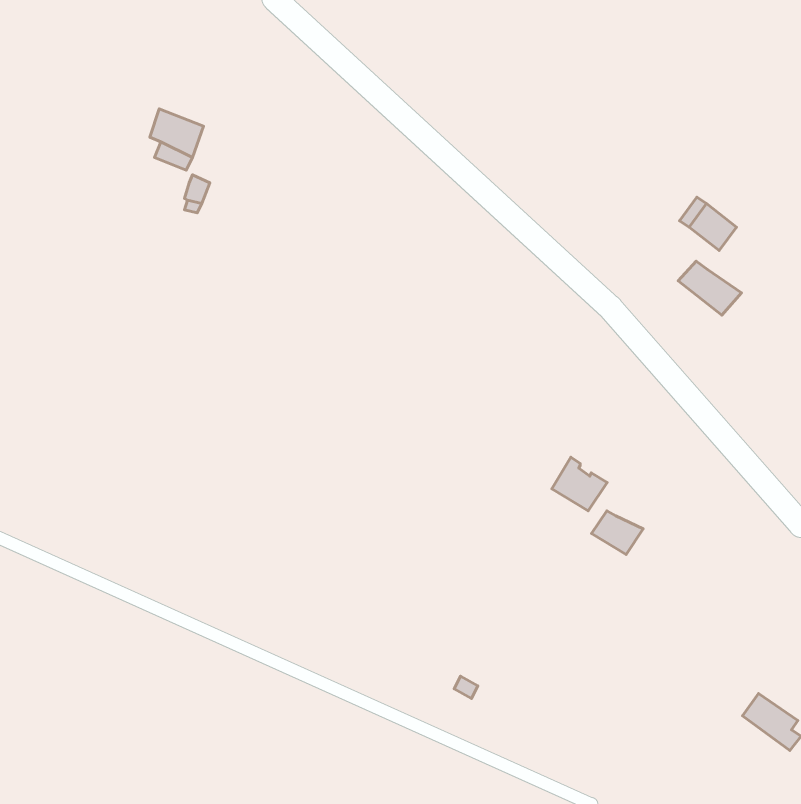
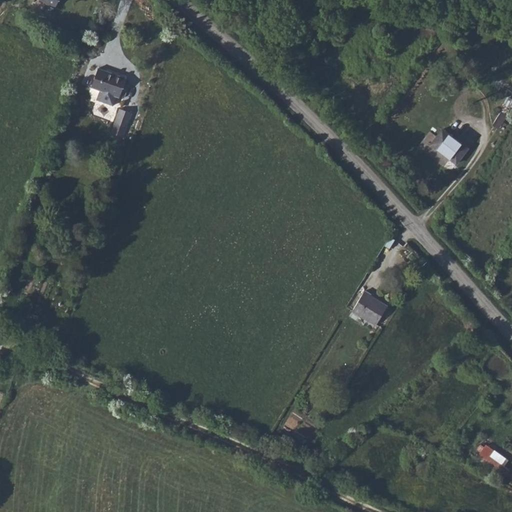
building: [678,261,741,315] -> none
building: [592,511,643,555] -> none

